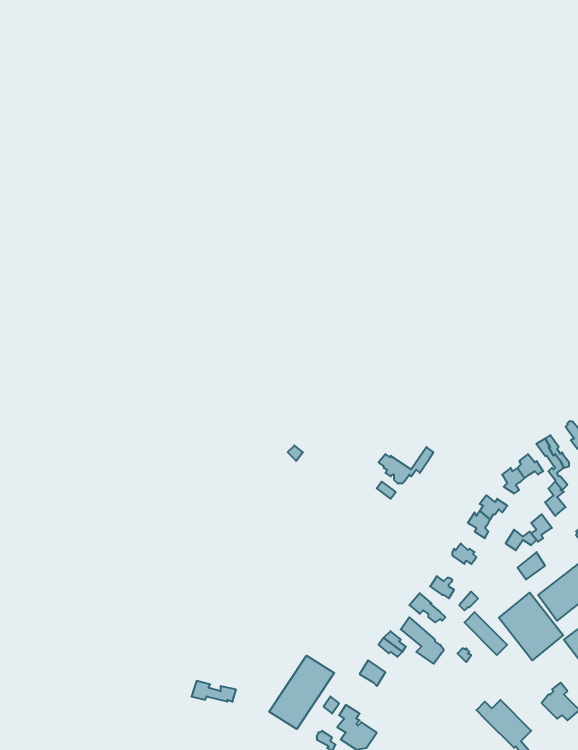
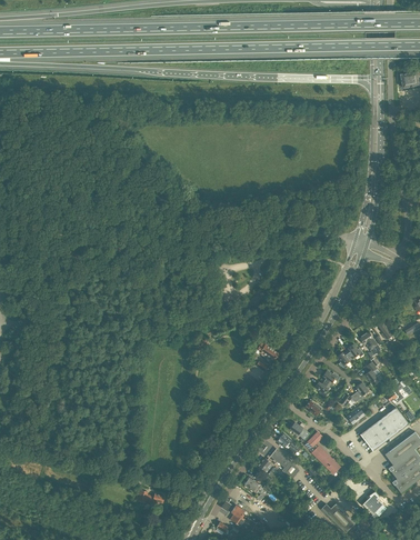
building: [499,593,563,660] -> none
building: [269,656,334,729] -> none

